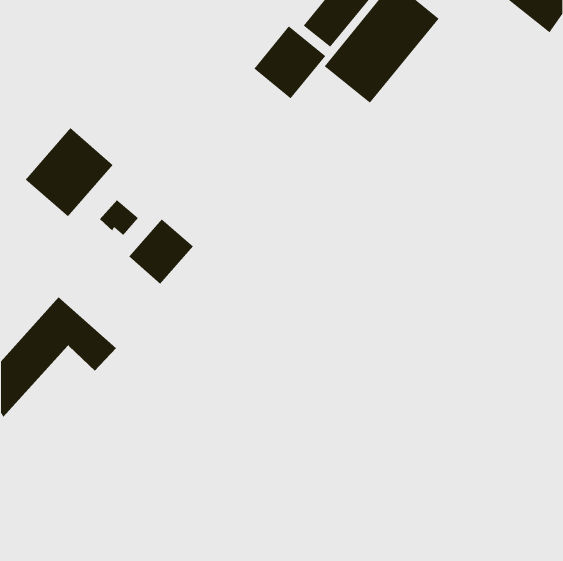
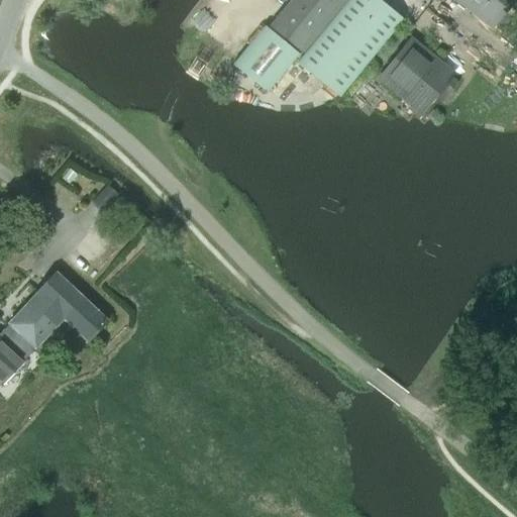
building: none -> [384,41,458,107]
building: [25,127,114,217] -> none
building: [128,218,194,284] -> none

